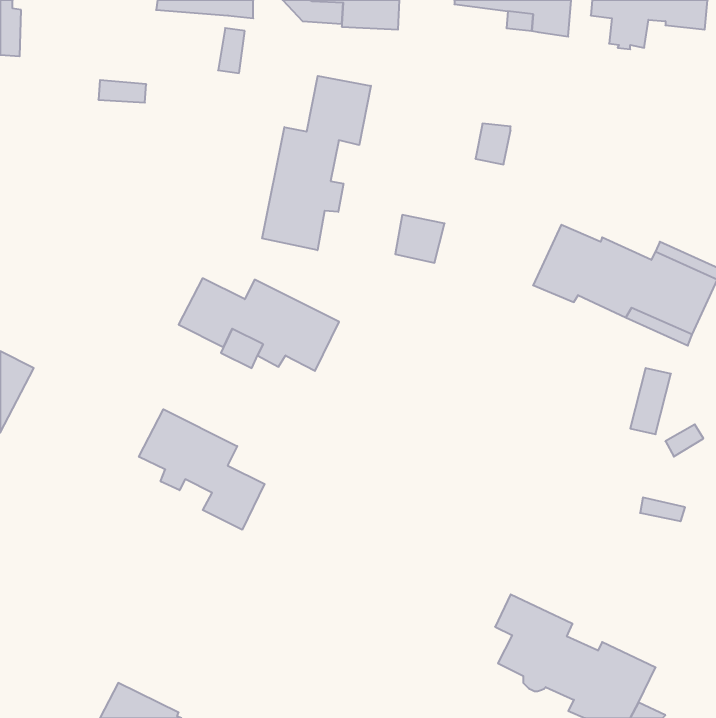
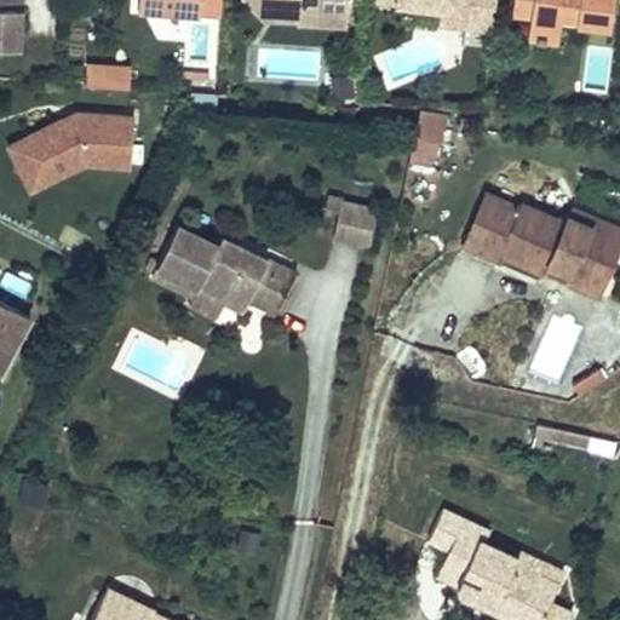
building: [262,76,371,250] -> none
building: none -> [17,114,136,174]
building: [139,409,265,530] -> none

